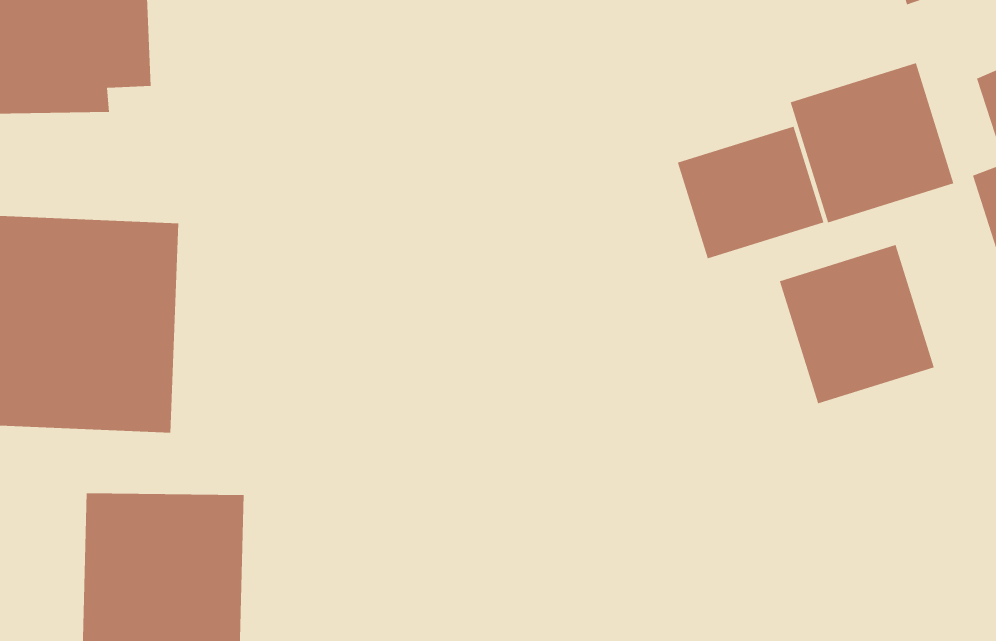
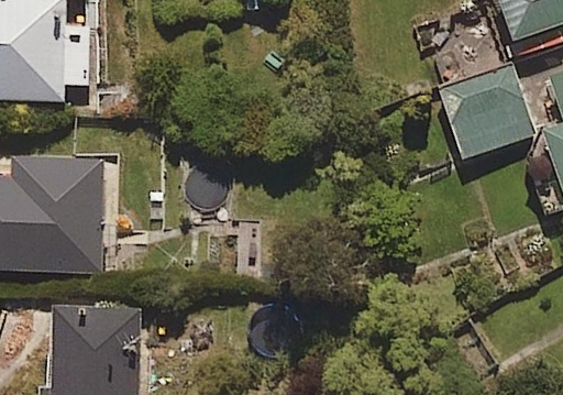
building: [677,126,824,259] -> none
building: [779,244,935,404] -> none

